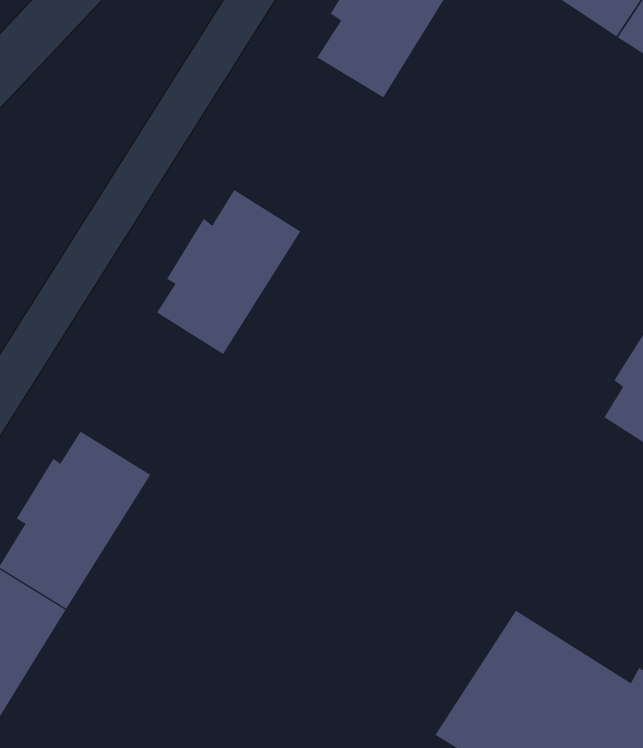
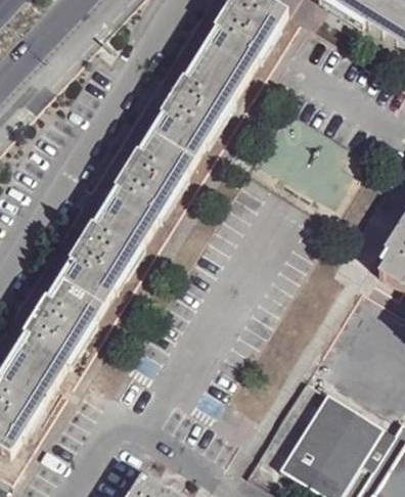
building: none -> [154,49,245,154]
building: none -> [61,204,148,302]

